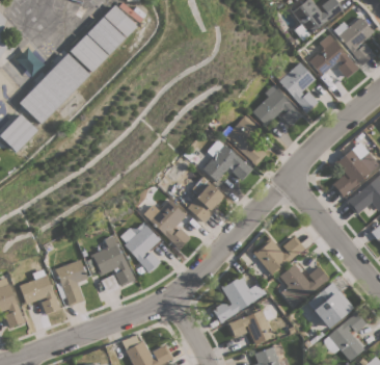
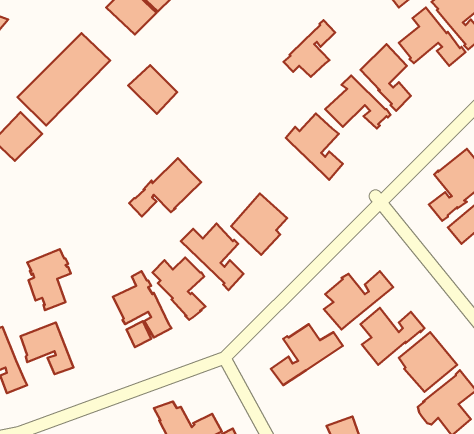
building: [69,34,106,72] -> [128,65,177,114]
building: none -> [283,20,335,77]
building: [202,139,252,181] -> none
building: none -> [129,158,201,216]
building: [55,259,88,306] -> [27,249,71,310]
building: [227,309,273,345] -> none

